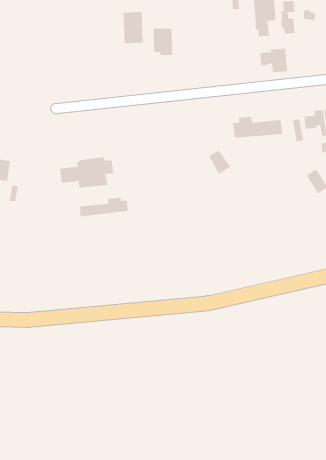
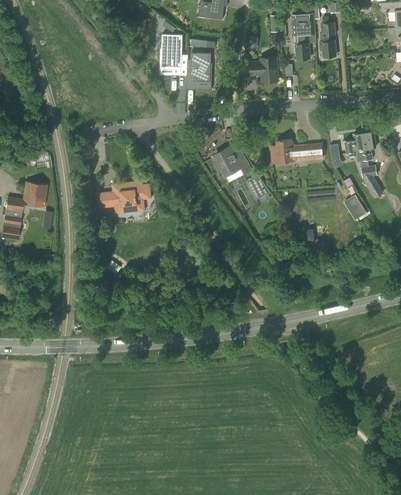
building: [259,48,288,73] -> [248,58,277,83]
building: none -> [213,148,250,177]
building: [80,197,128,217] -> none

